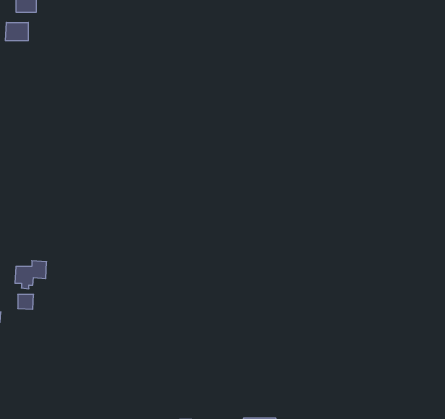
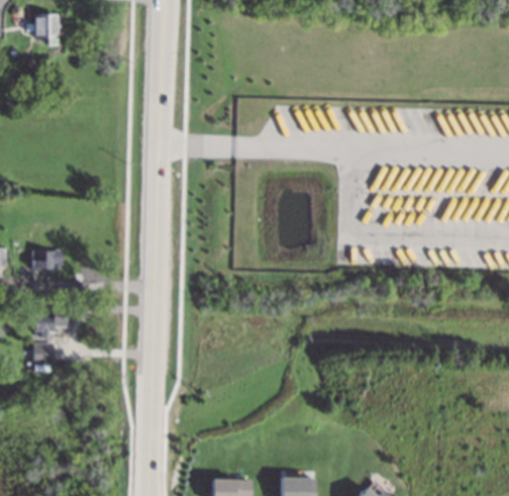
building: [5,22,28,41] -> none
building: none -> [34,252,64,269]

